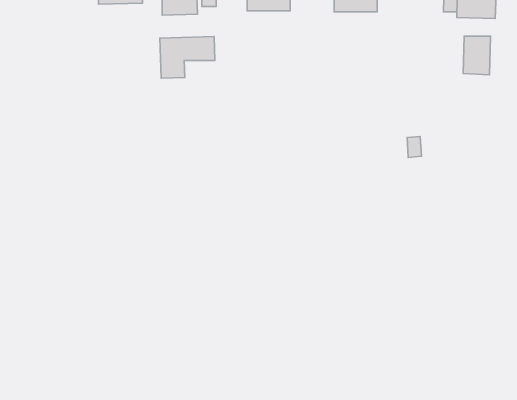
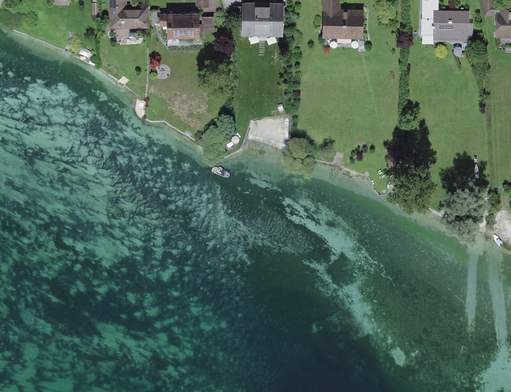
building: [463,36,491,75] -> none
building: [160,37,215,78] -> none

